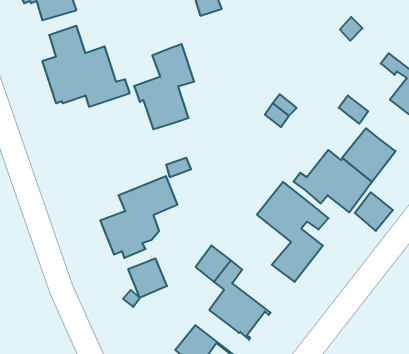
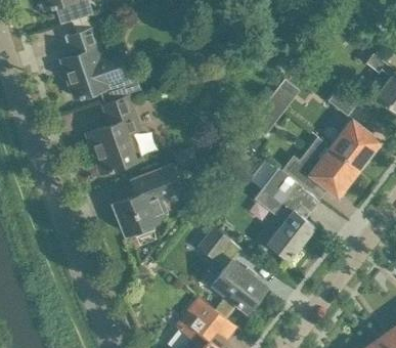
building: [134,44,194,129] -> [87,95,141,172]
building: [355,192,393,231] -> none
building: [128,258,167,298] -> none

